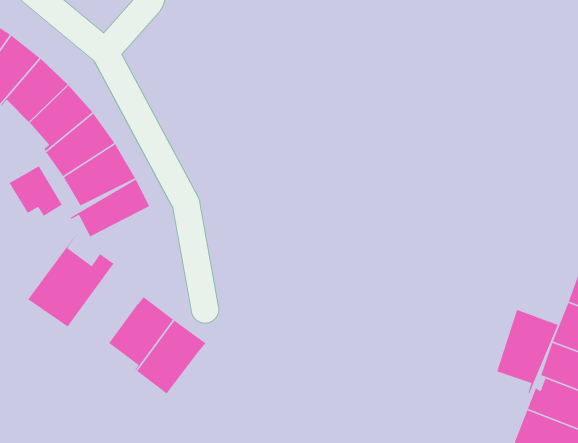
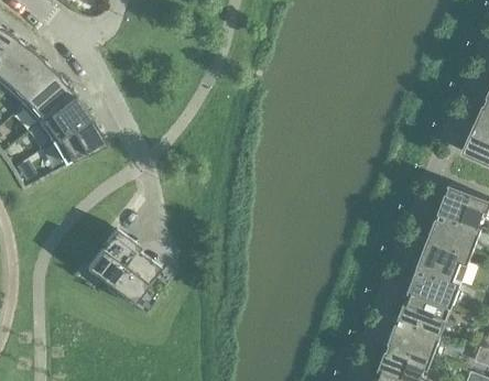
building: [69,179,150,237] -> none
building: [27,234,115,328] -> none
building: [496,309,559,394] -> none

